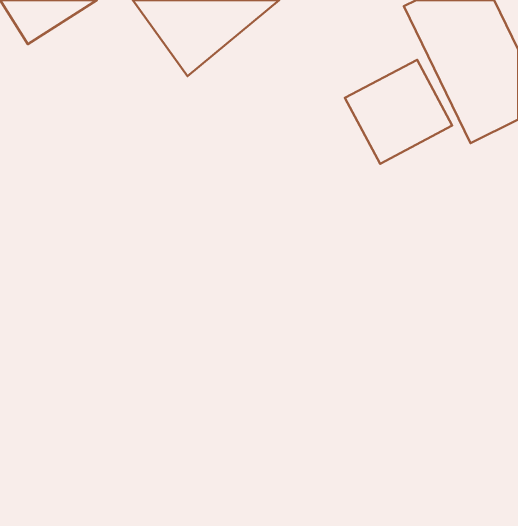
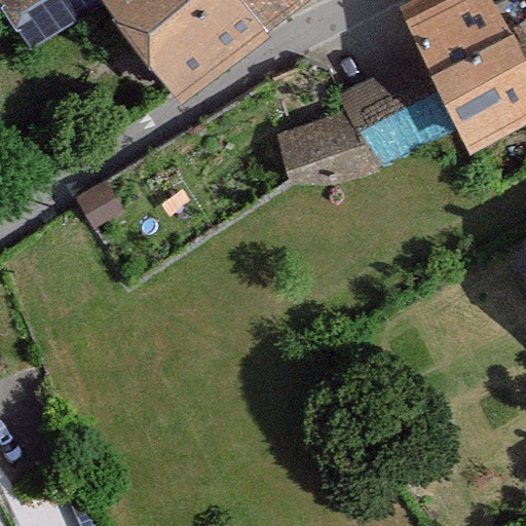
building: none -> [278,114,363,192]

